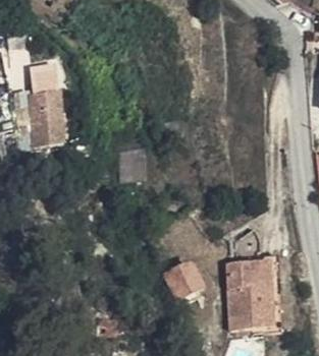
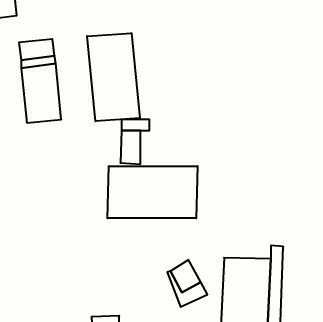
building: none -> [87,33,140,121]
building: none -> [107,166,198,218]

